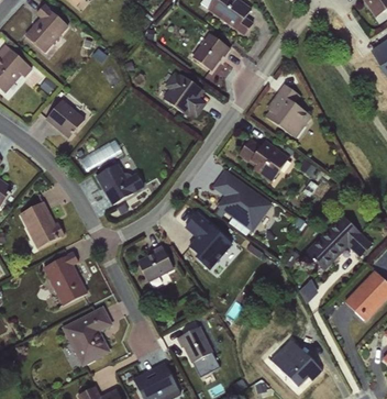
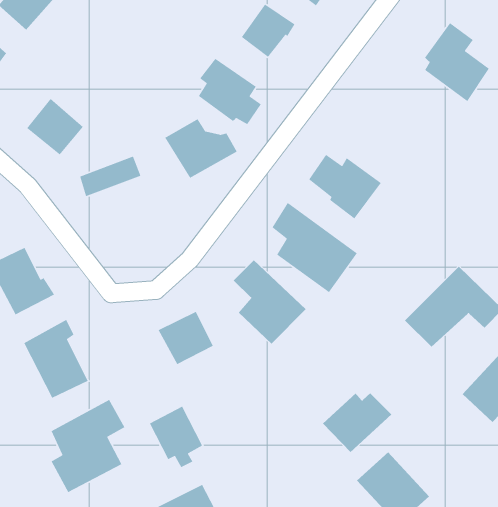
building: [266,82,311,137] -> [424,22,490,102]
building: [95,163,145,204] -> [164,118,238,179]
building: none -> [322,392,392,453]
building: [177,325,214,368] -> [149,406,203,468]

